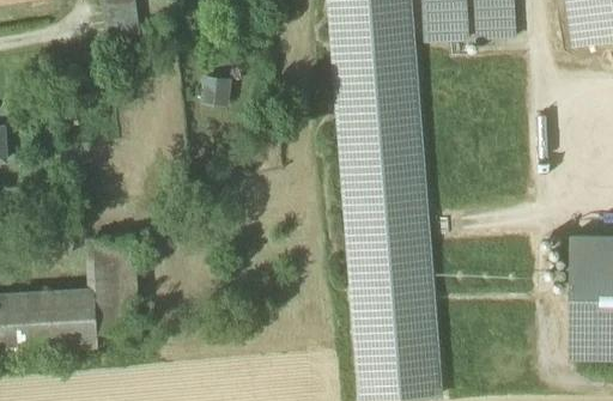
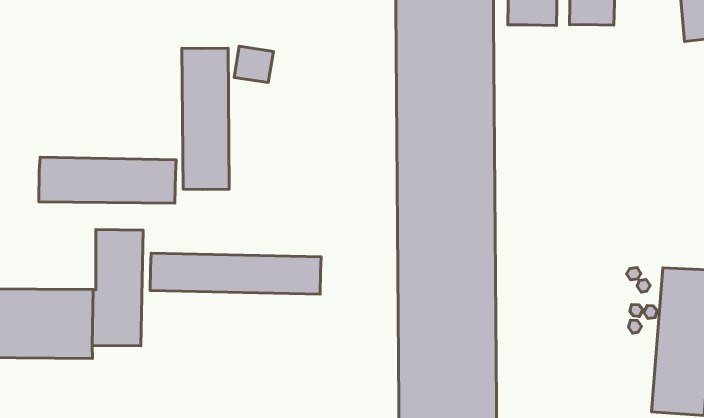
building: none -> [182,48,229,190]
building: none -> [39,157,176,203]
building: none -> [150,253,321,294]

